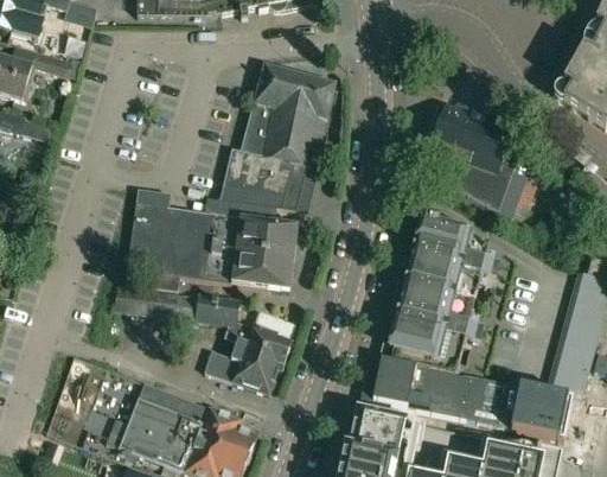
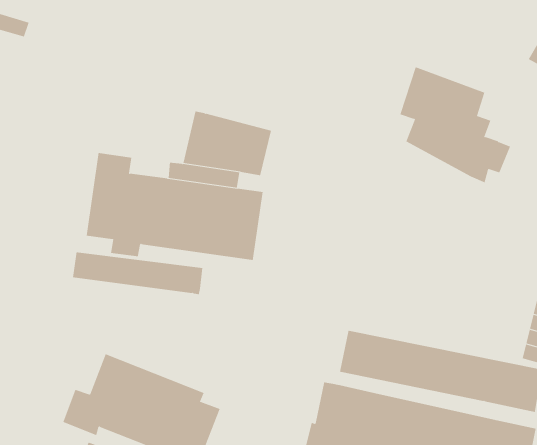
building: [242,64,333,166] -> none
building: [385,211,497,371] -> none
building: [205,309,295,393] -> none

